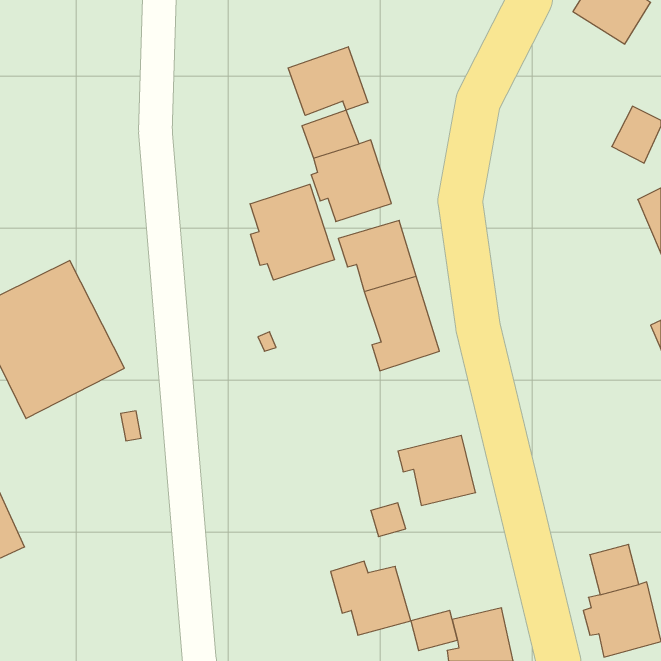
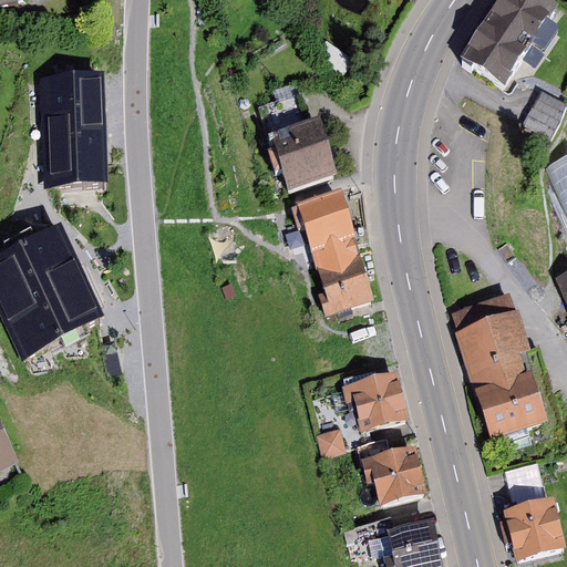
building: none -> [461,10,534,83]
building: [288,47,368,115] -> none
building: none -> [40,75,107,184]
building: [250,184,335,280] -> none
building: none -> [450,293,546,437]
building: [330,561,411,635] -> [357,440,425,503]

